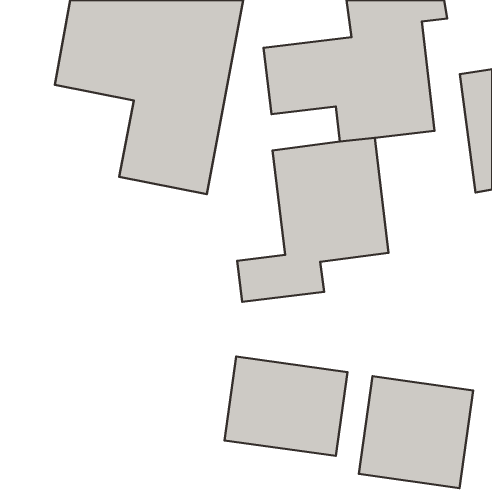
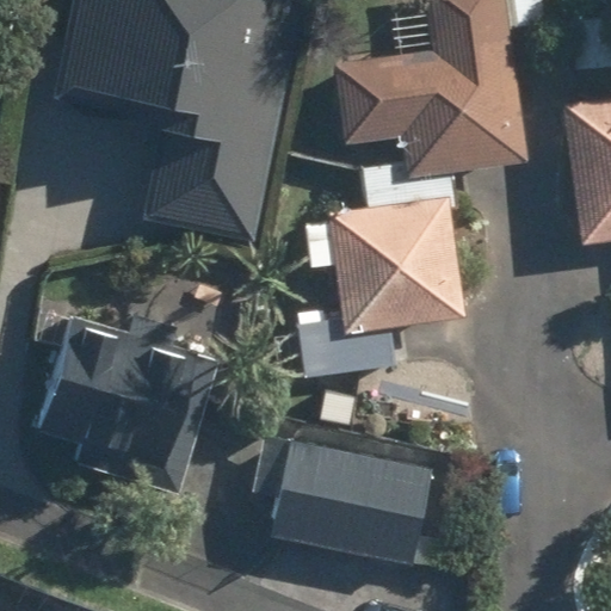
building: none -> [33,298,202,476]
building: [359,376,473,488] -> none

